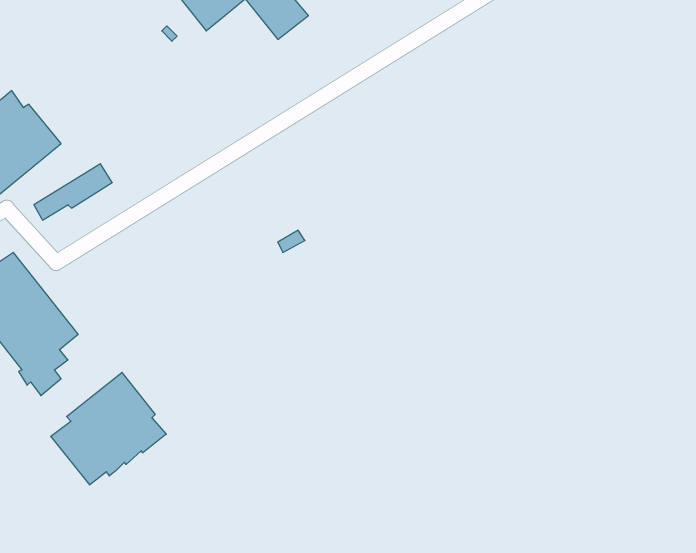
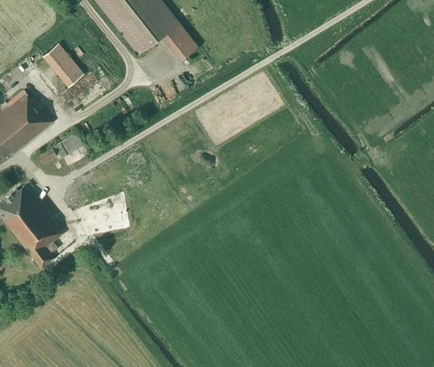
building: none -> [43,43,83,87]
building: [51,372,166,485] -> none

